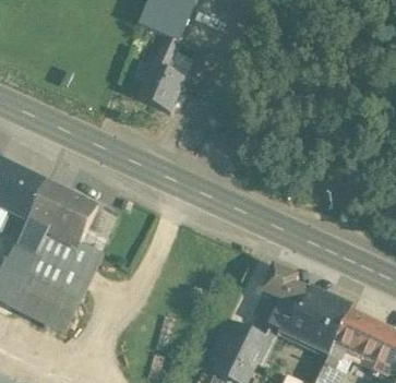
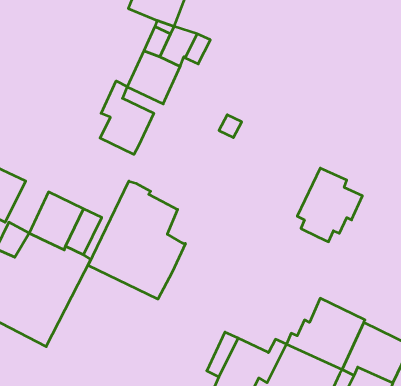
building: none -> [100,81,154,154]
building: none -> [88,181,185,299]
building: [25,184,64,231] -> none
building: [251,265,310,332] -> [297,168,362,242]

